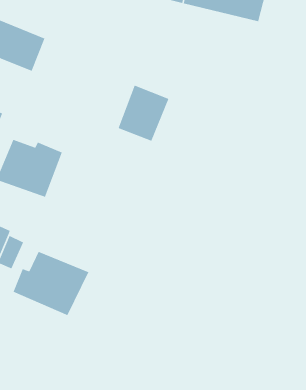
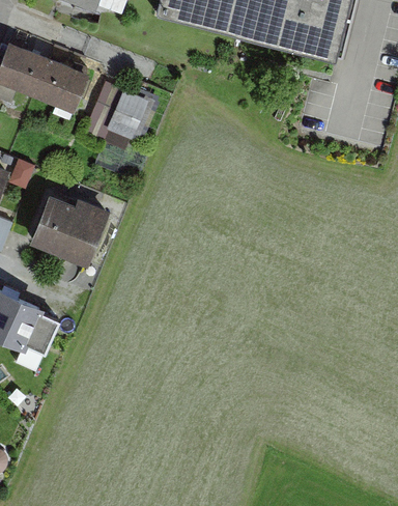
building: [117,84,169,142] -> [88,83,149,150]
building: [13,251,89,316] -> none

